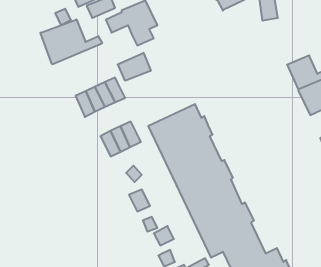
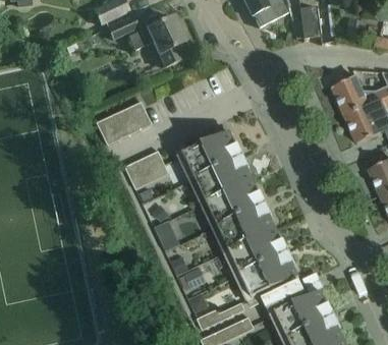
building: [40,19,102,64] -> none
building: [118,53,151,81] -> none

